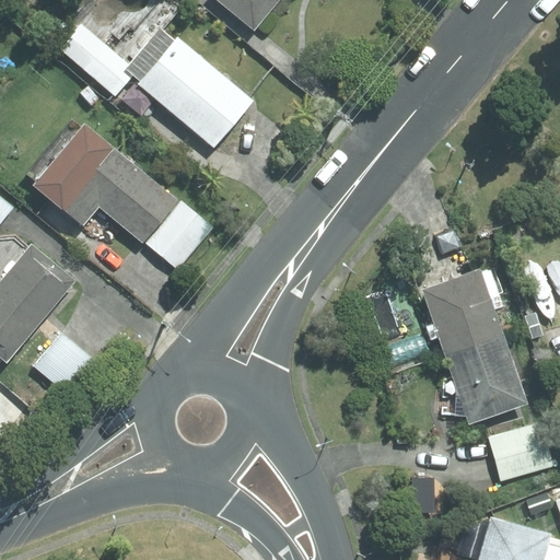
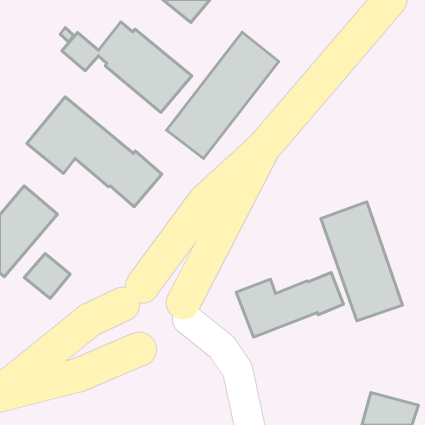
building: none -> [166,32,279,159]
building: none -> [236,272,343,337]
building: [486,421,548,478] -> none

